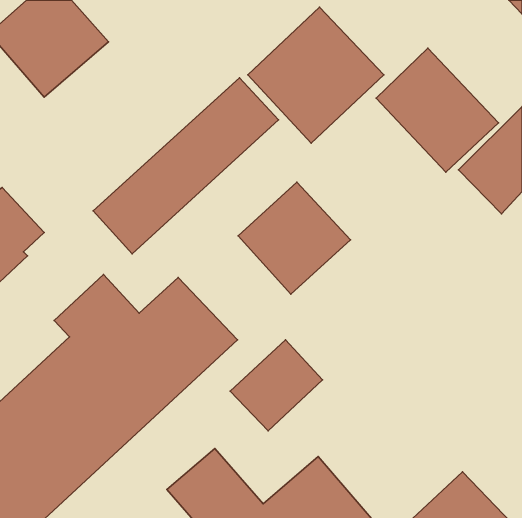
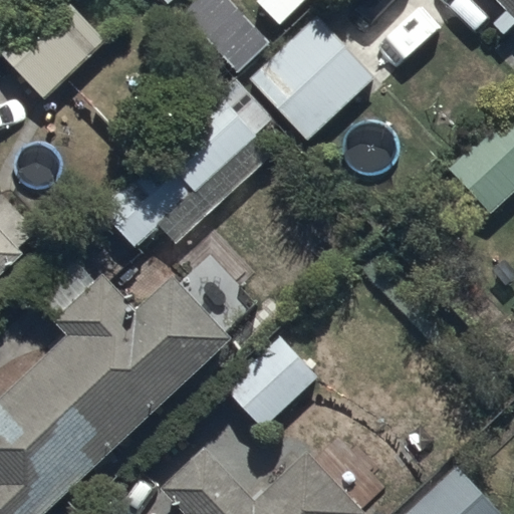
building: [376,48,499,172] -> none
building: [238,182,350,294] -> none

